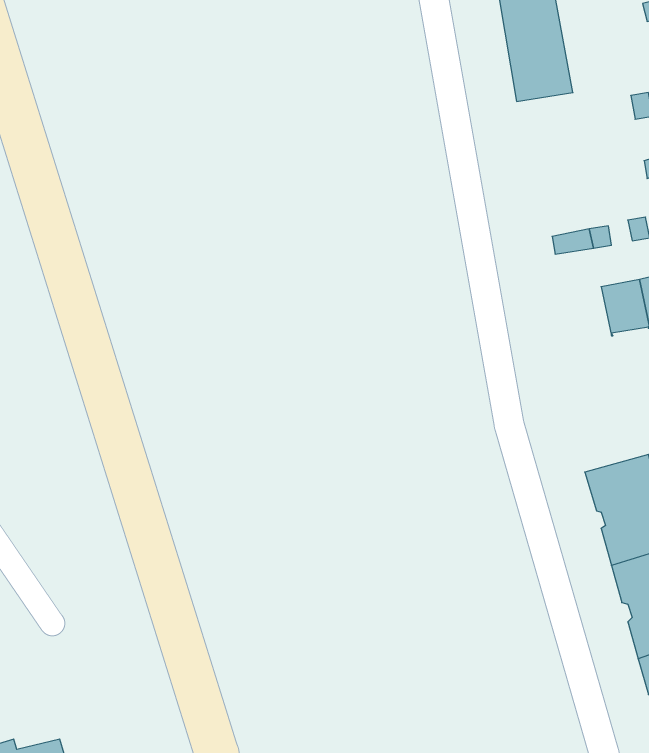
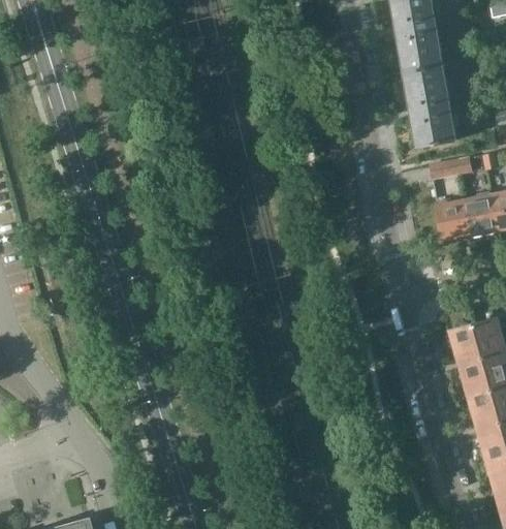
building: none -> [404,66,454,147]
building: none -> [437,201,470,241]

